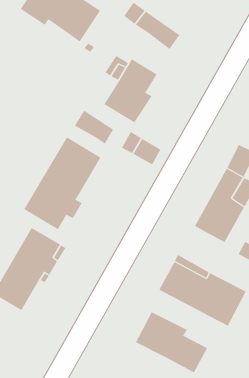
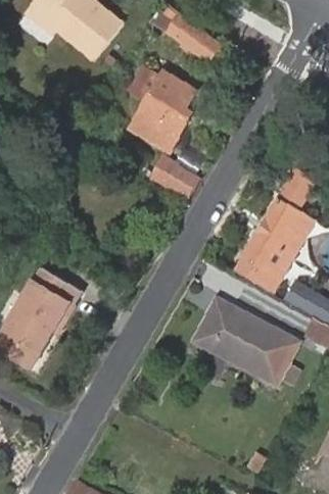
building: [74,110,114,145] -> none
building: [23,136,101,230] -> none
building: [135,311,208,373] -> none

